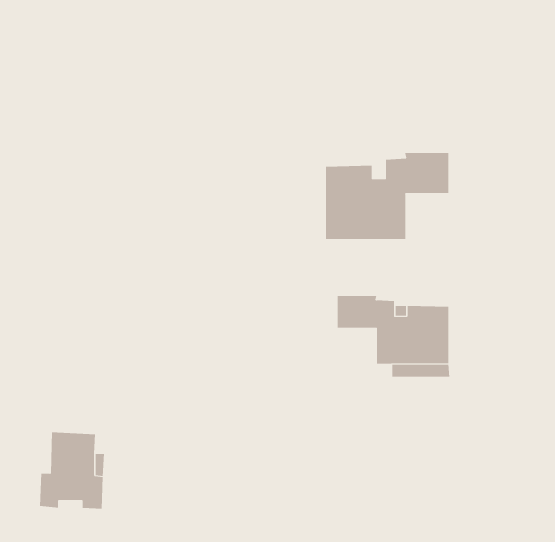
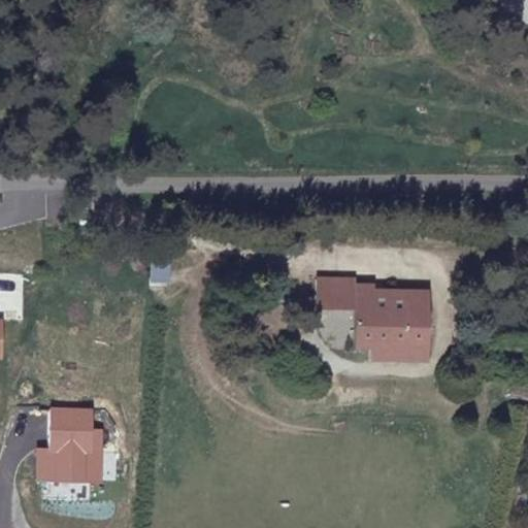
building: [326,152,449,240] -> none

